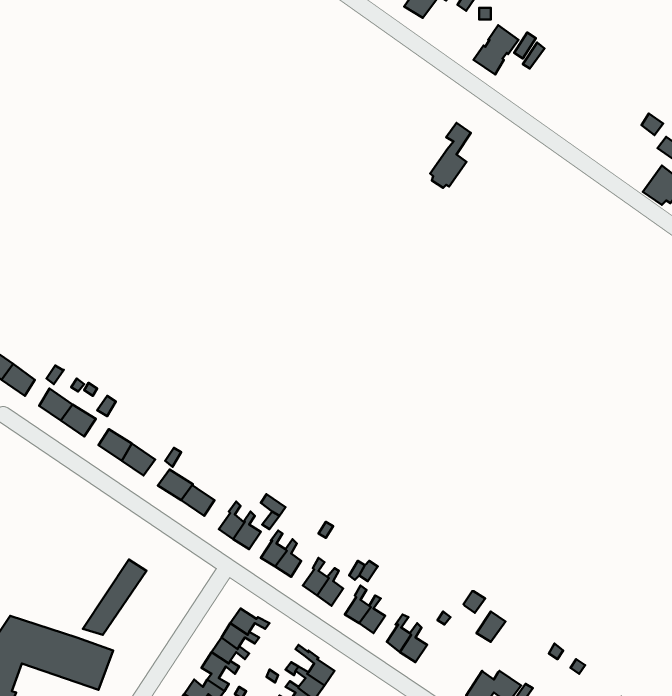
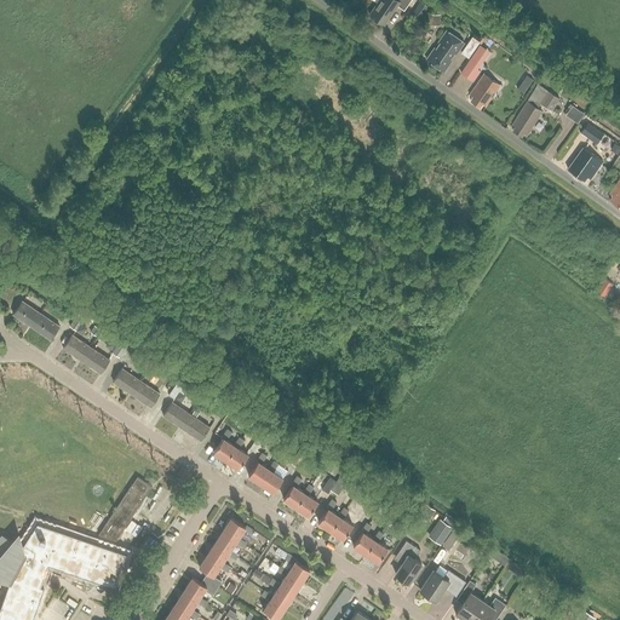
building: none -> [511,85,558,137]
building: [430,123,471,188] -> [469,52,503,107]
building: none -> [394,541,420,582]

